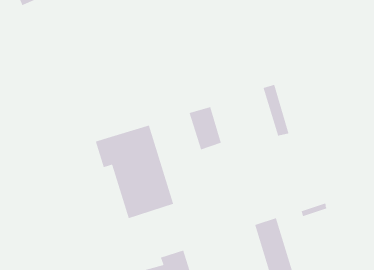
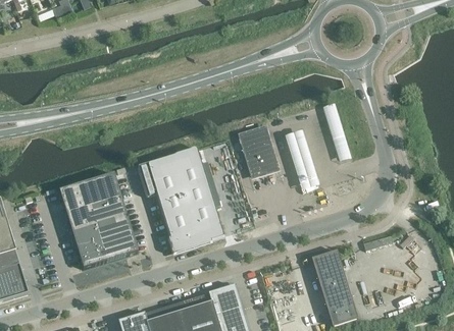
building: none -> [284,129,319,190]
building: none -> [57,171,137,266]

